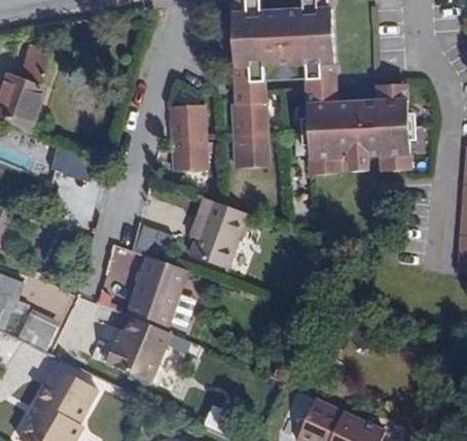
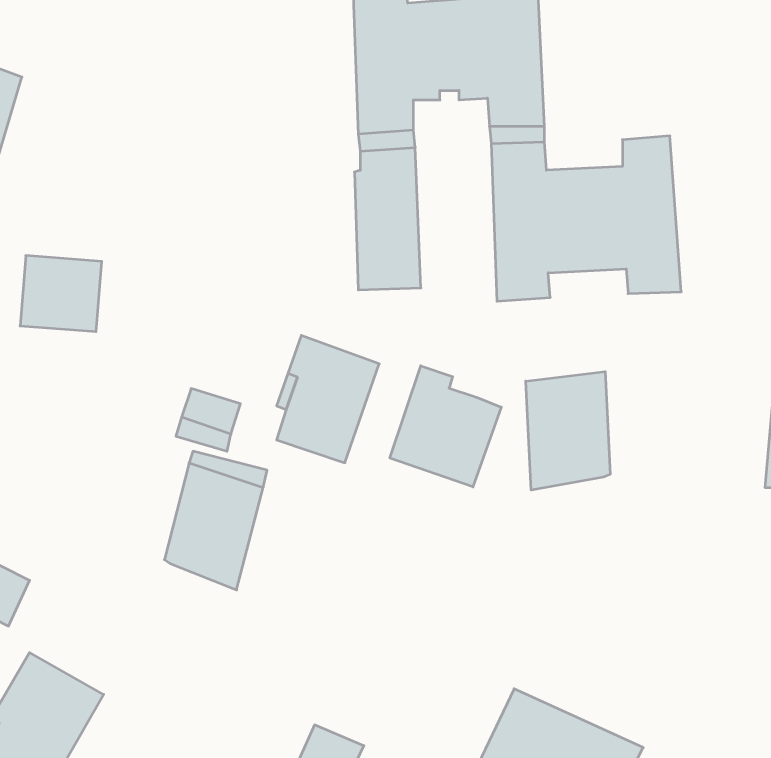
building: [171,106,206,172] -> none
building: none -> [390,366,501,487]
building: none -> [526,372,610,490]
building: [109,317,173,384] -> none

